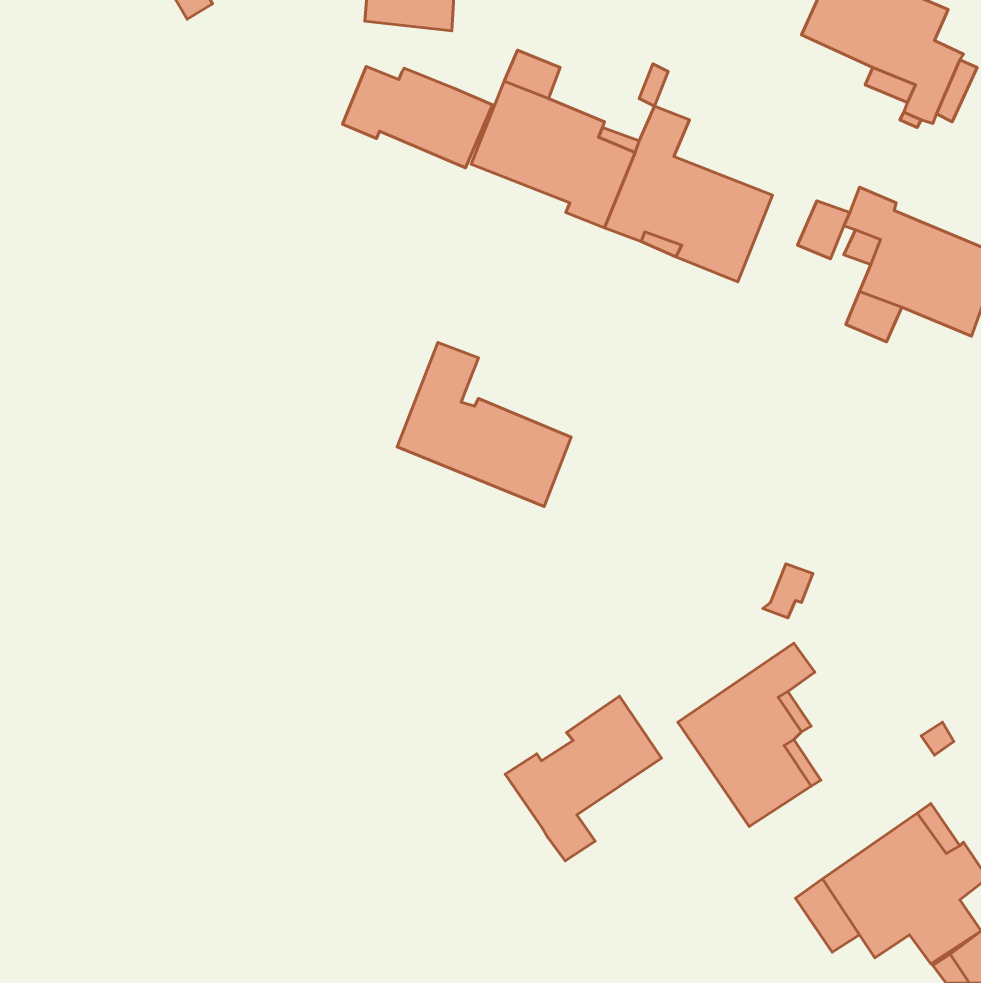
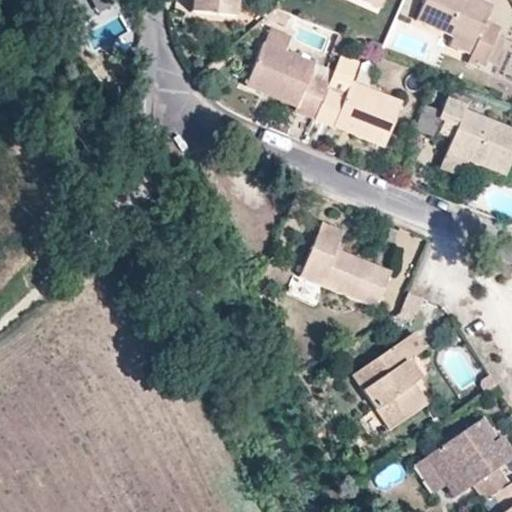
building: [342,67,493,168] -> none
building: [397,342,571,507] -> [301,222,391,307]
building: [505,696,661,861] -> none

